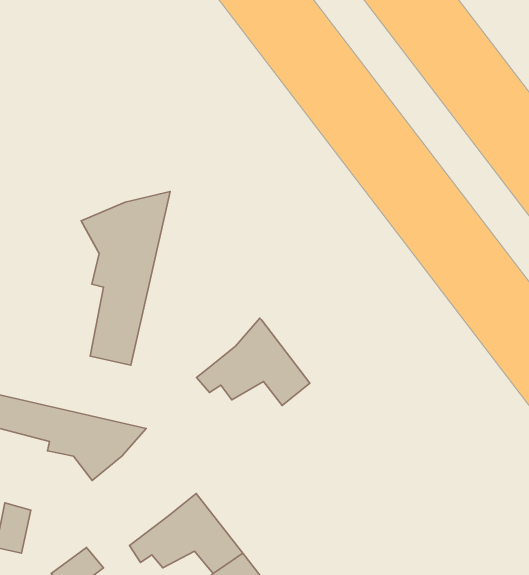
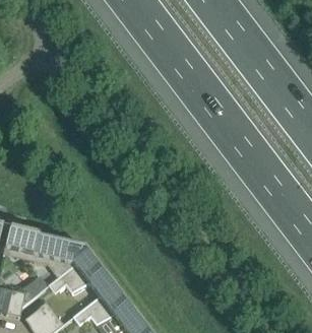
building: [81,191,170,365] -> none
building: [197,318,310,406] -> [53,247,115,294]

